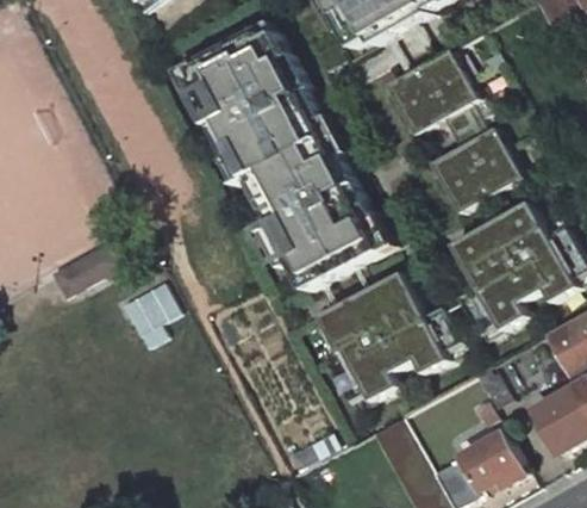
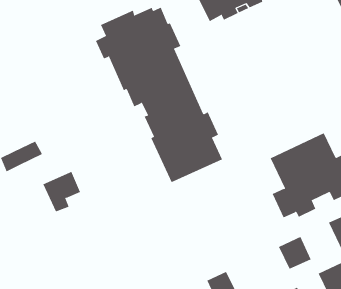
building: [385,50,520,213] -> none
building: [321,274,460,401] -> none

